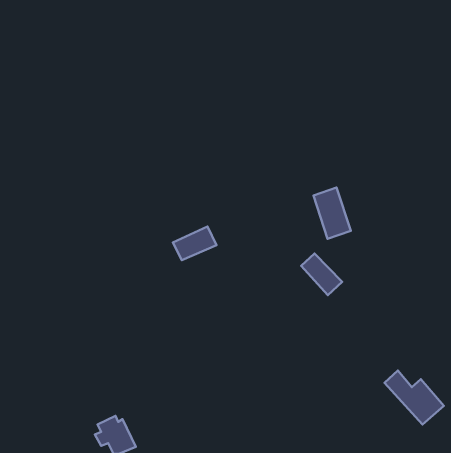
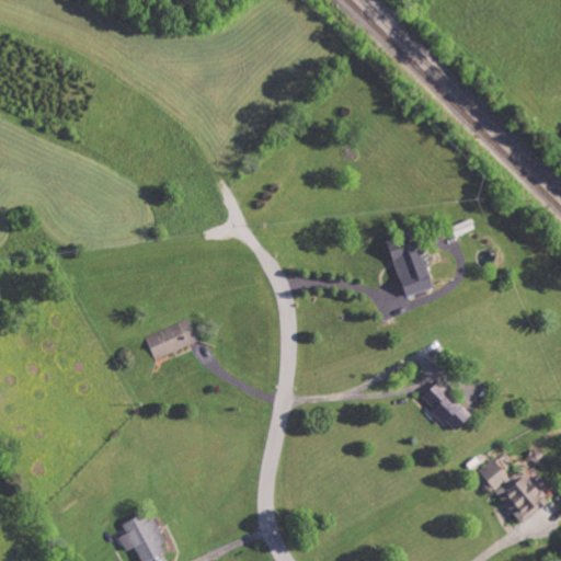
building: [173,226,216,260] -> [142,318,196,359]
building: [301,254,342,295] -> [420,381,470,433]

